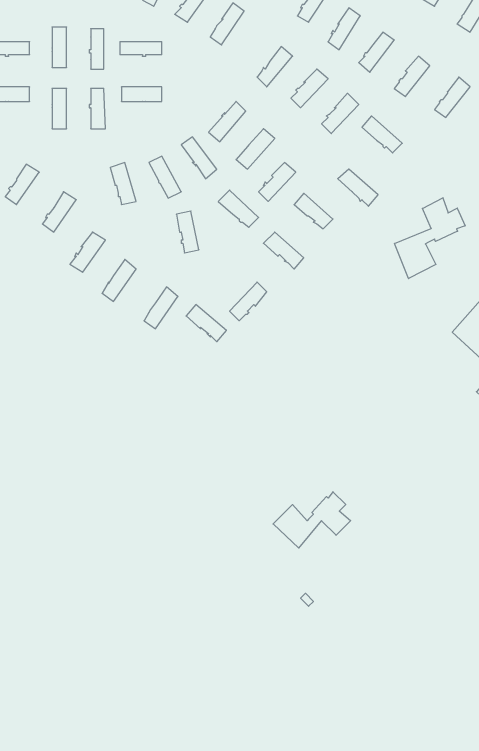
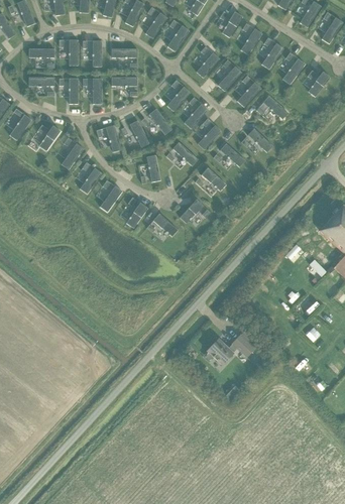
building: [395,198,465,279] -> none

